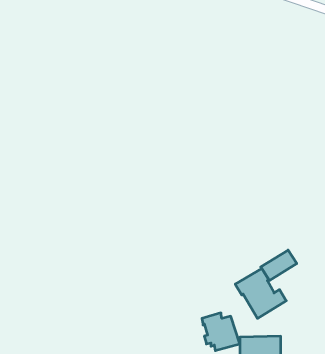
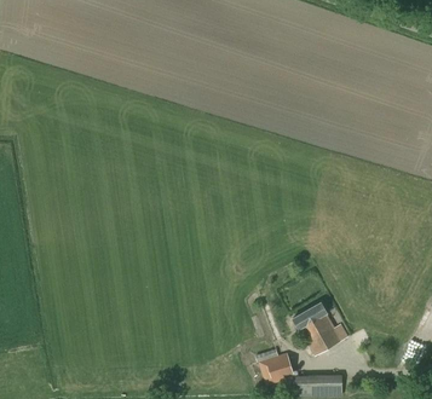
building: [261,250,297,280] -> none

